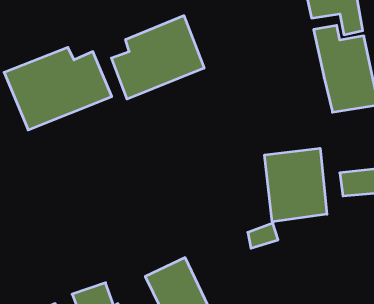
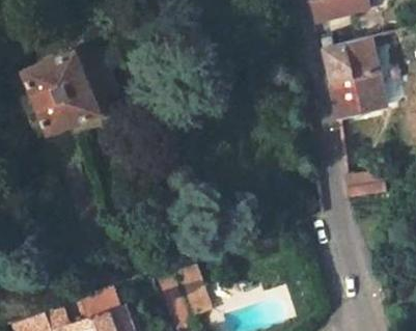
building: [111,16,204,99] -> none
building: [265,148,327,222] -> none

